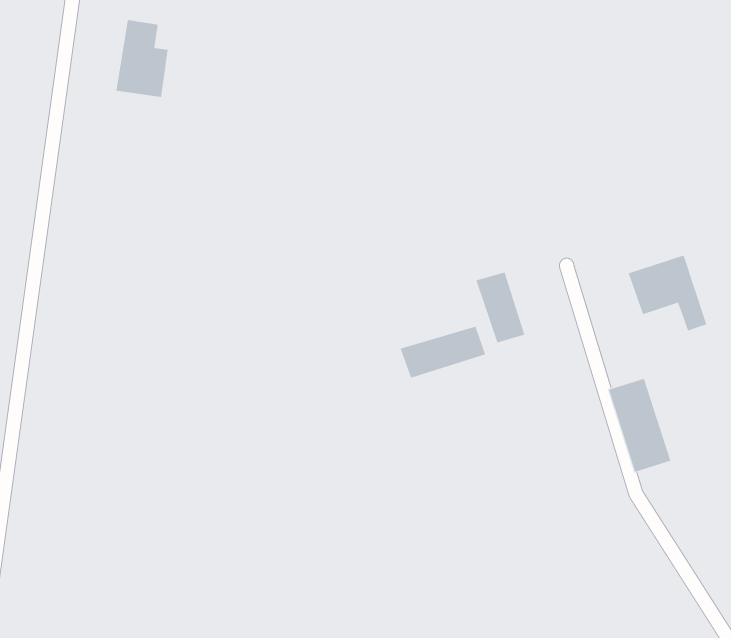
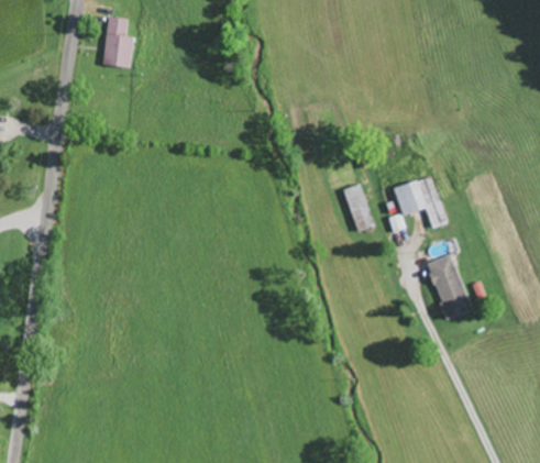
building: [628,255,707,331] -> [392,176,444,227]
building: [400,326,486,378] -> none

